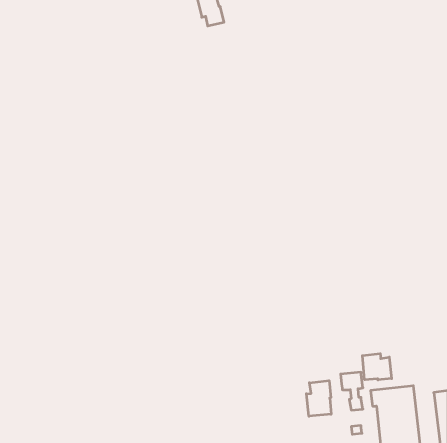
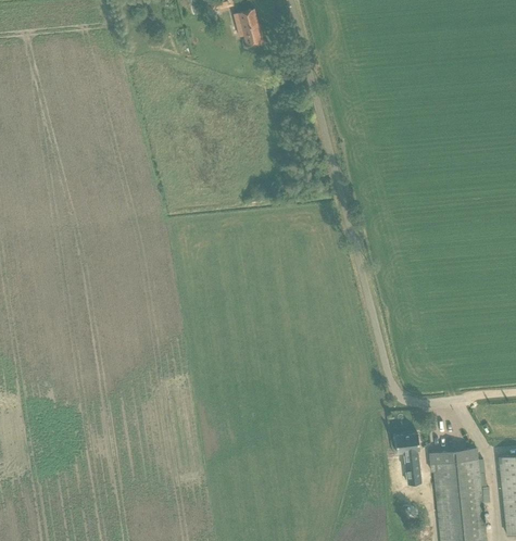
building: [362,354,392,380] -> none
building: [306,381,331,416] -> none

